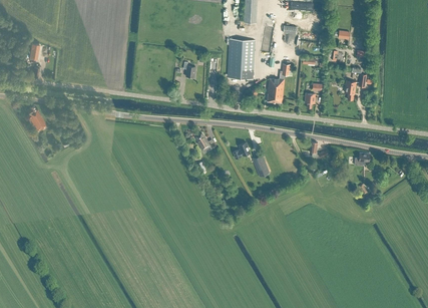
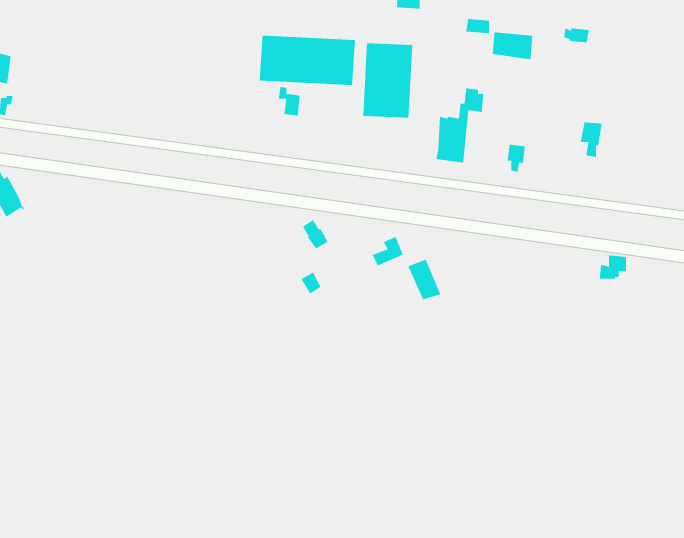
building: none -> [259,35,356,86]

